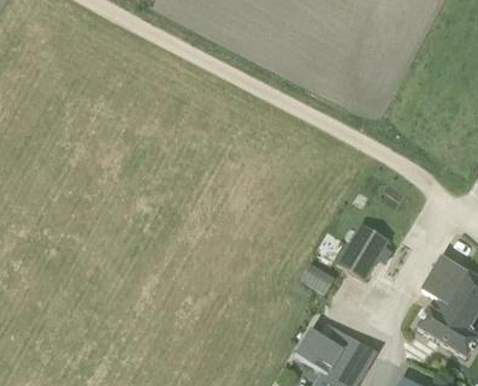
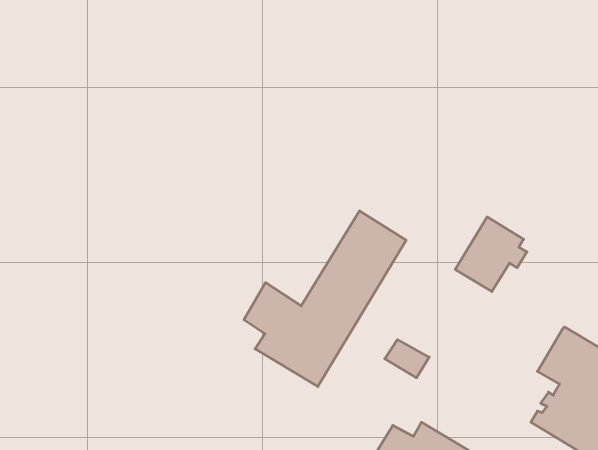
building: none -> [244,211,406,387]
building: [336,224,390,280] -> [455,217,527,292]

